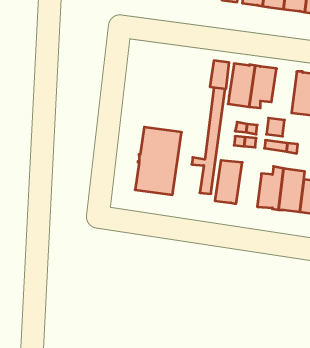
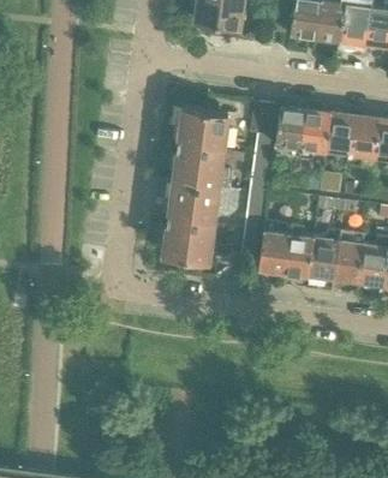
building: none -> [174,108,228,189]
building: none -> [326,113,356,166]
building: none -> [283,225,314,277]

